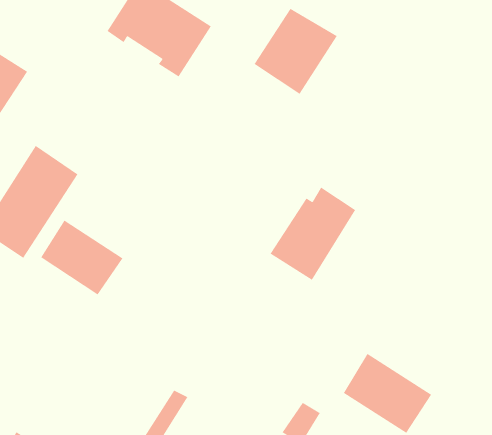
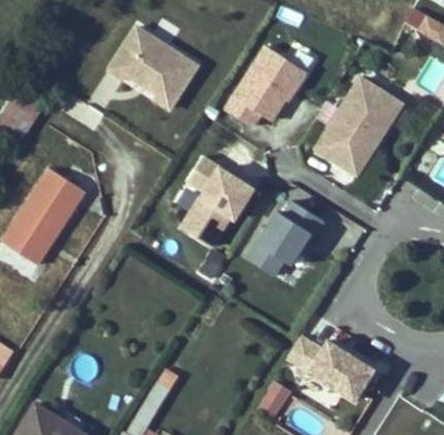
building: none -> [308,76,402,180]
building: none -> [179,158,267,252]
building: [40,220,123,295] -> none

